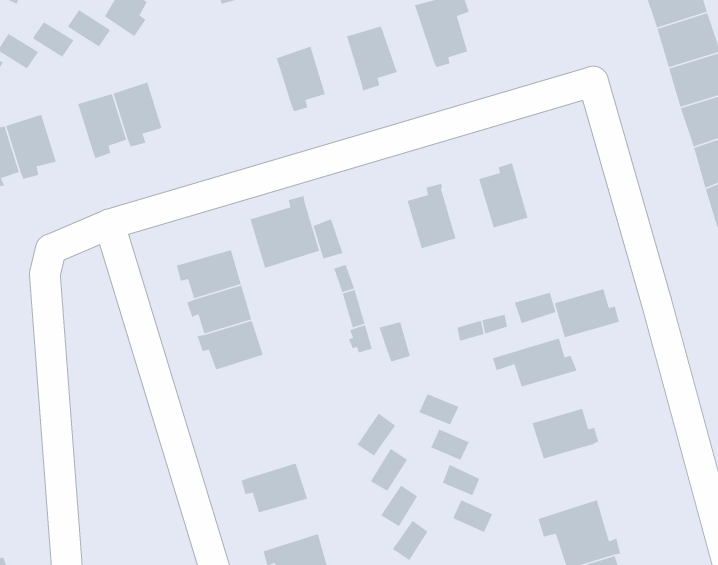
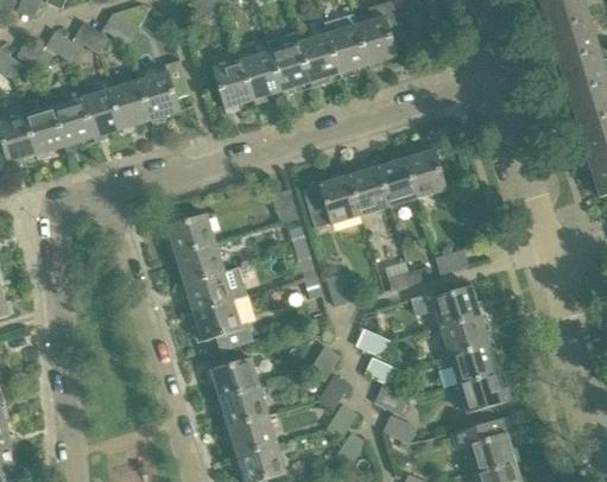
building: none -> [328,24,369,77]
building: none -> [267,31,311,94]
building: none -> [139,59,190,123]
building: none -> [213,59,254,113]
building: none -> [53,96,94,150]
building: none -> [377,152,418,205]
building: [250,195,320,269] -> [303,169,360,228]
building: [554,288,620,338] -> [441,313,494,354]
building: none -> [188,299,254,350]
building: none -> [206,357,259,398]
building: none -> [459,372,512,412]
building: none -> [222,416,277,457]

